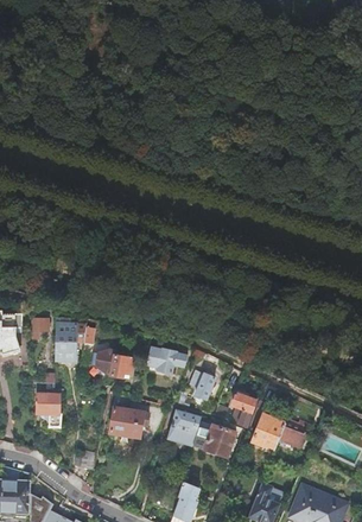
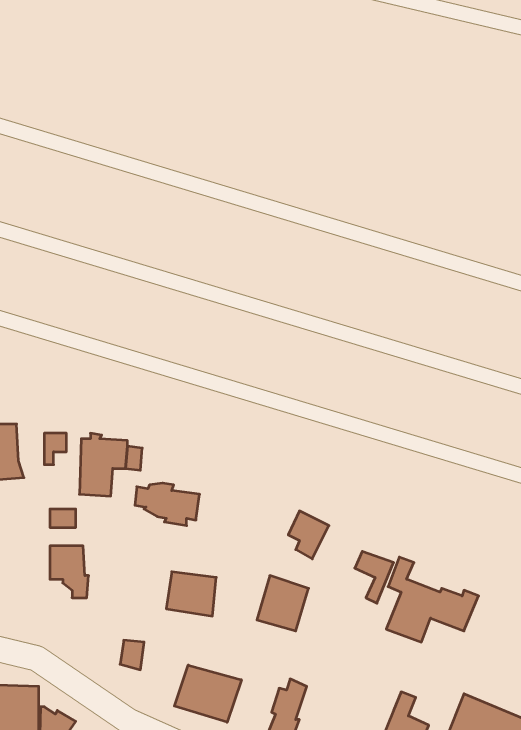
building: [145,344,186,374] -> none
building: [193,421,236,456] -> none
building: none -> [174,665,241,722]

